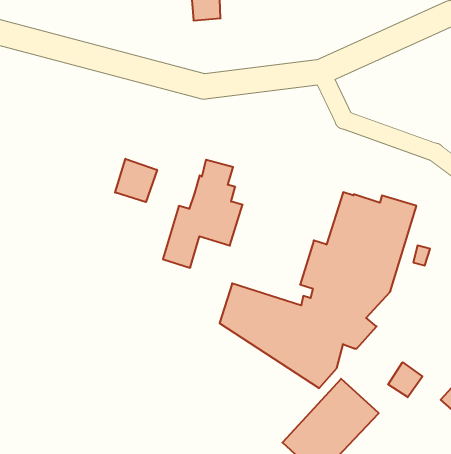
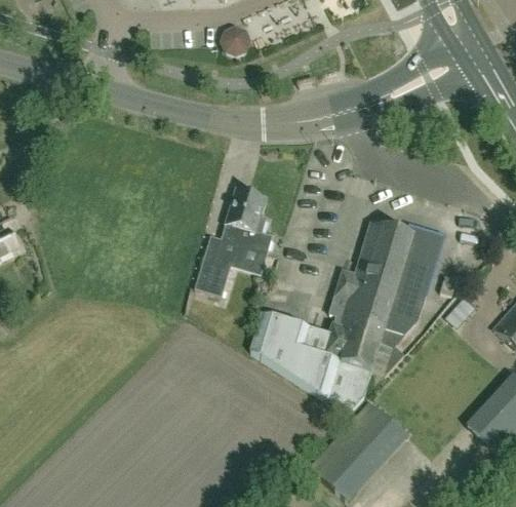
building: [115,159,157,202] -> none
building: [388,362,422,397] -> none

